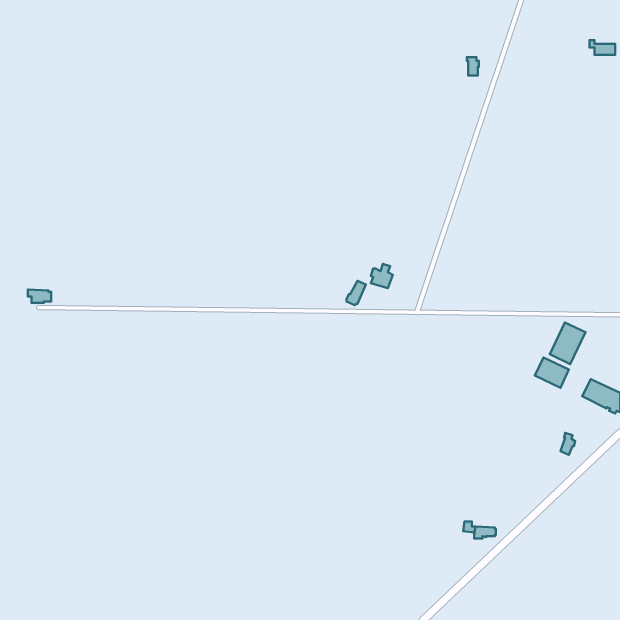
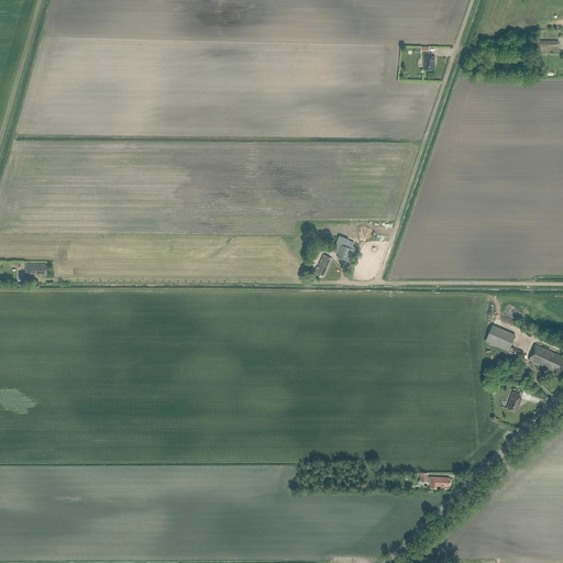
building: [550,322,585,364] -> none

